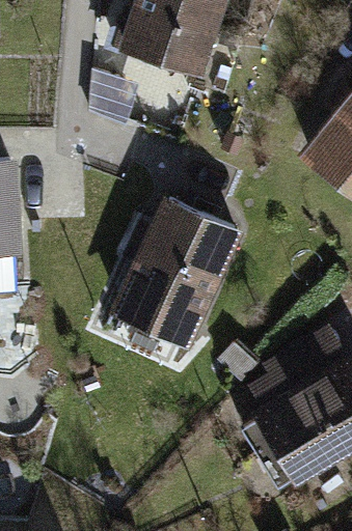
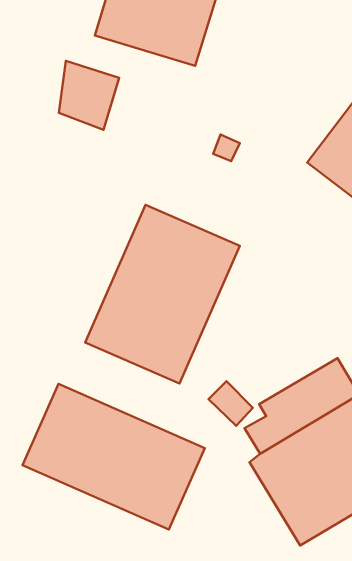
building: none -> [22,384,205,530]

